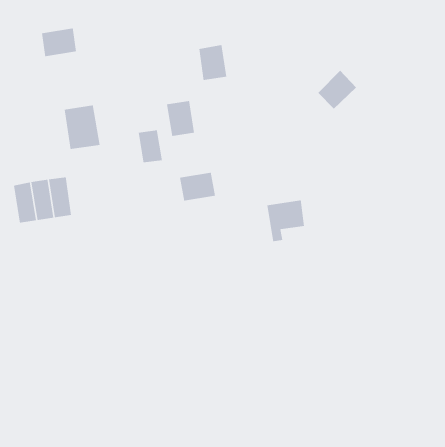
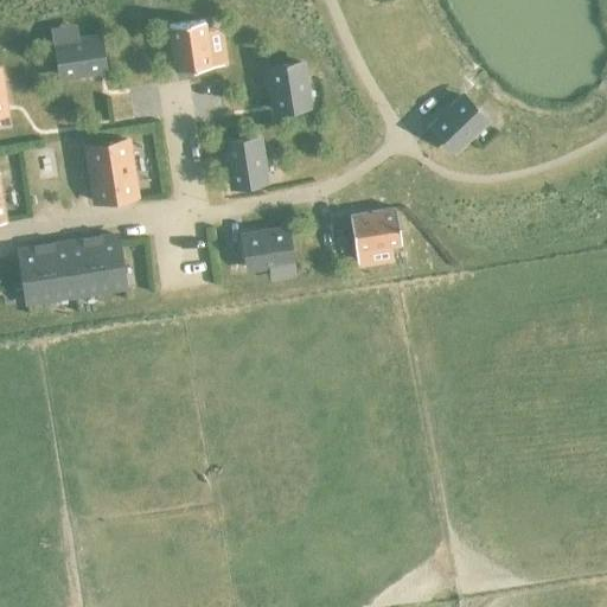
building: none -> [171,21,226,74]
building: [138,130,162,163] -> none
building: none -> [92,236,124,292]
building: [266,200,305,242] -> [352,213,404,270]

